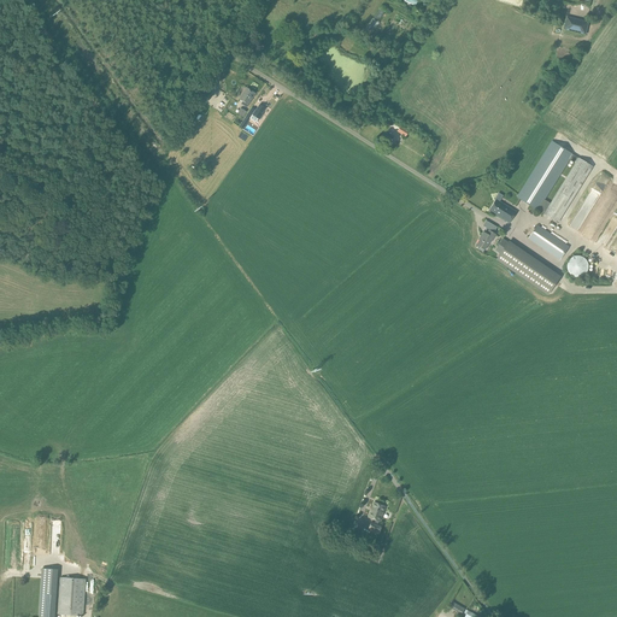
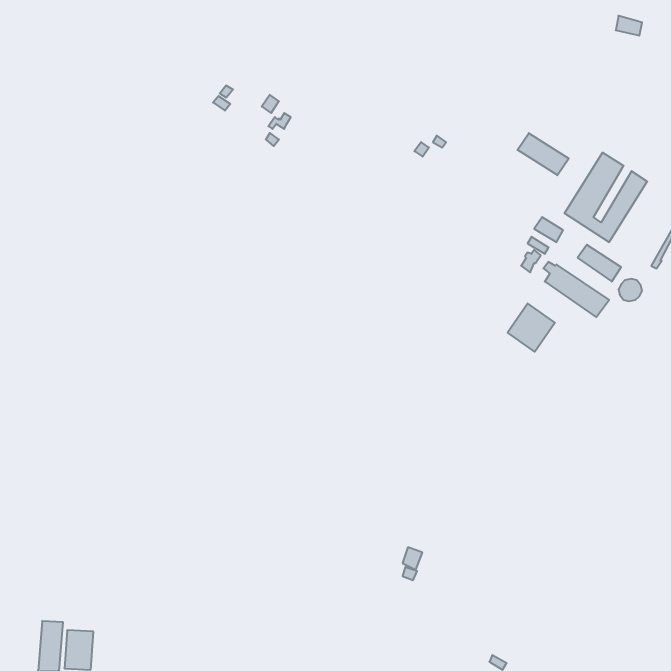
building: none -> [517,133,569,175]
building: none -> [508,303,555,352]

